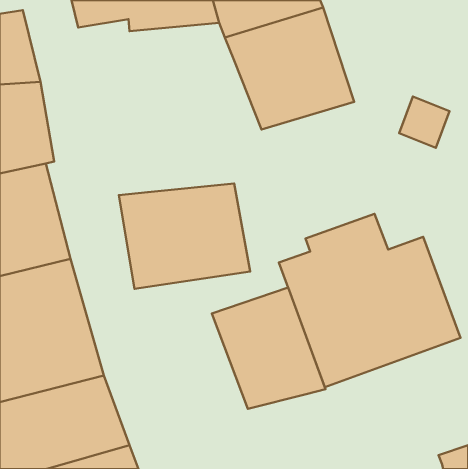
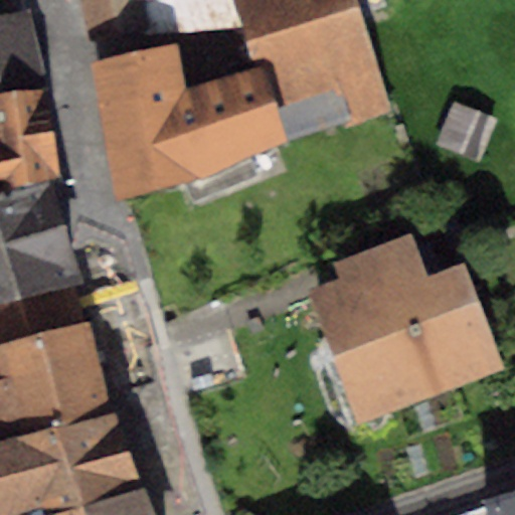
building: none -> [91,43,287,193]
building: [119,183,250,289] -> none
building: [212,288,326,409] -> none

